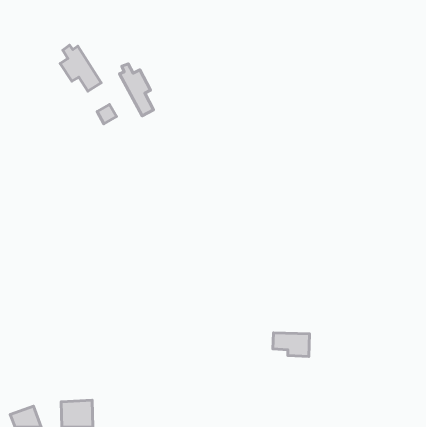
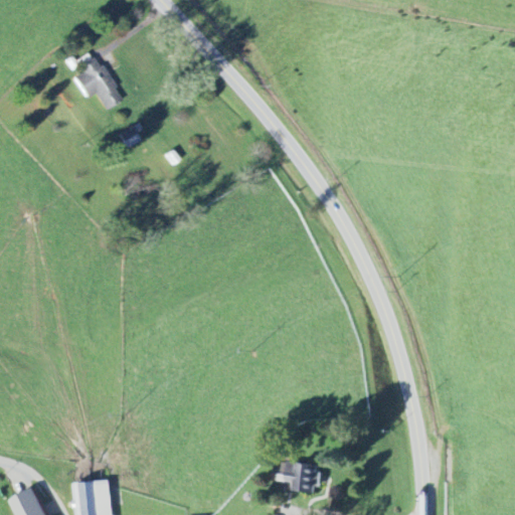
building: [120,64,153,116] -> none
building: [273,333,310,356] -> [278,464,322,492]

